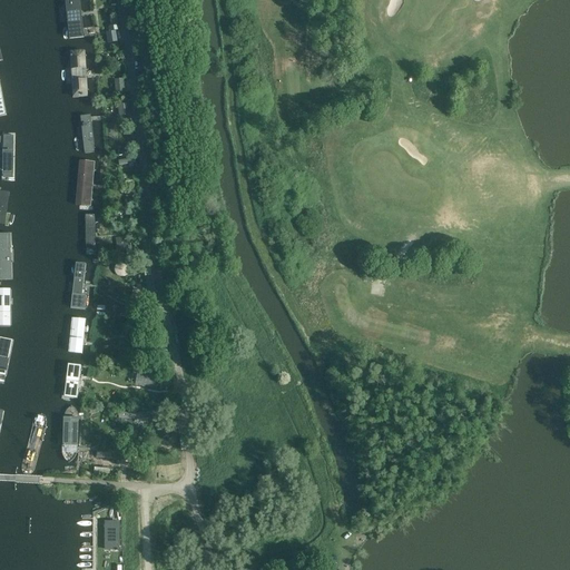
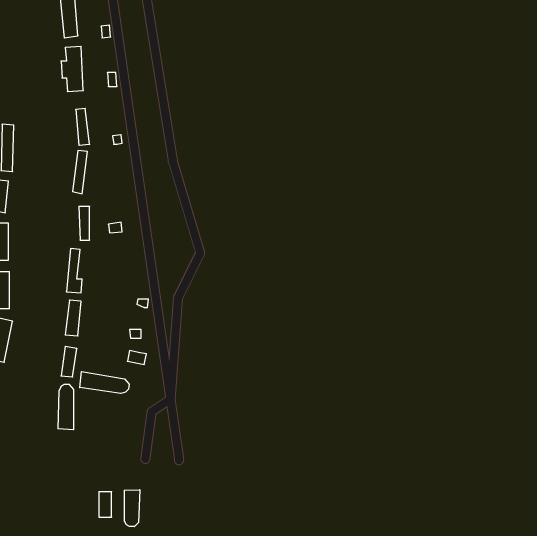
building: none -> [80,372,129,393]
building: none -> [124,490,140,527]

